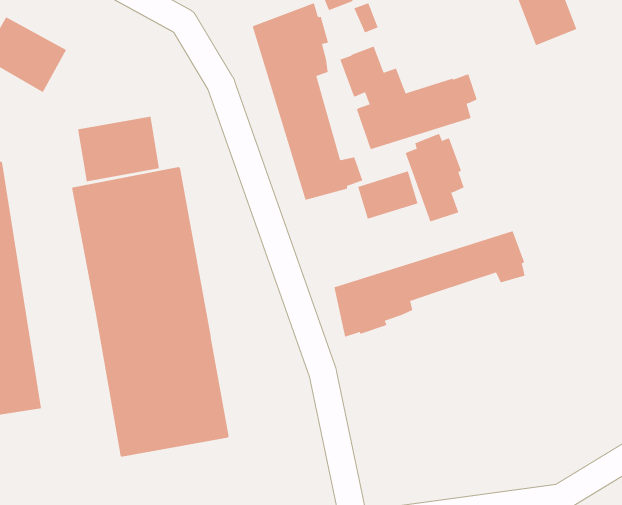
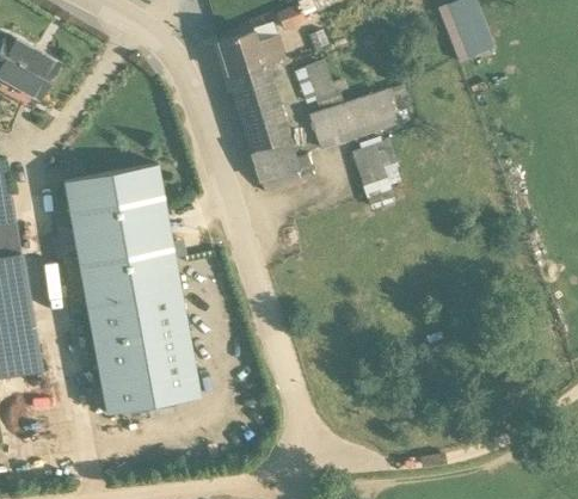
building: [77,116,160,182] -> none
building: [358,170,418,220] -> none
building: [334,230,525,337] -> none

